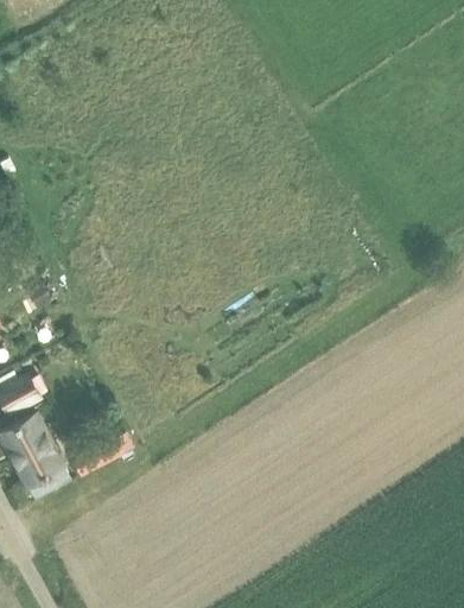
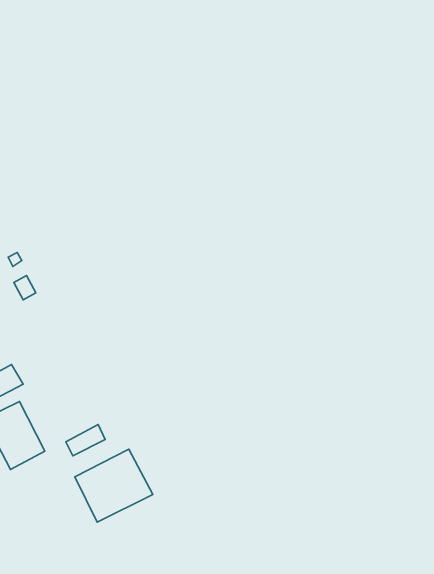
building: none -> [75,449,153,522]

